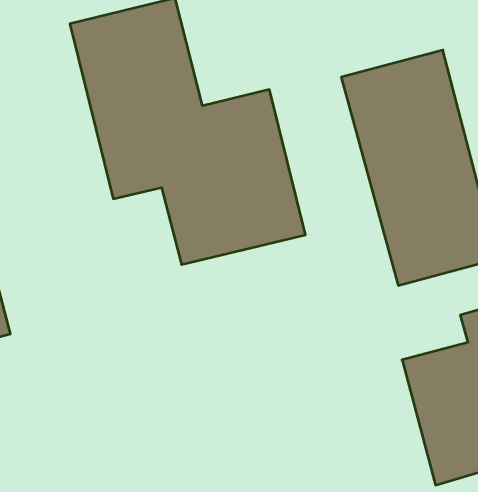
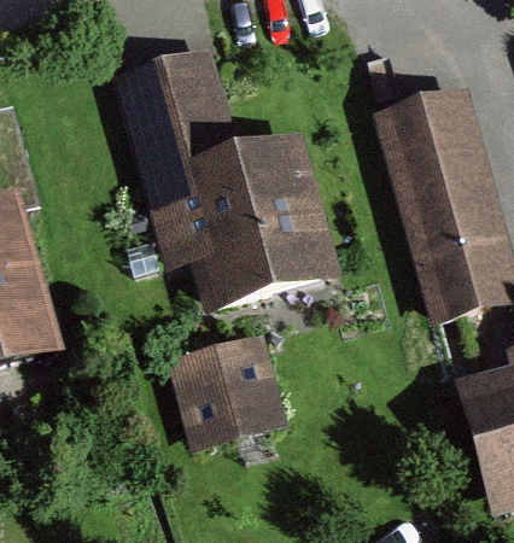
building: none -> [165,335,286,449]

